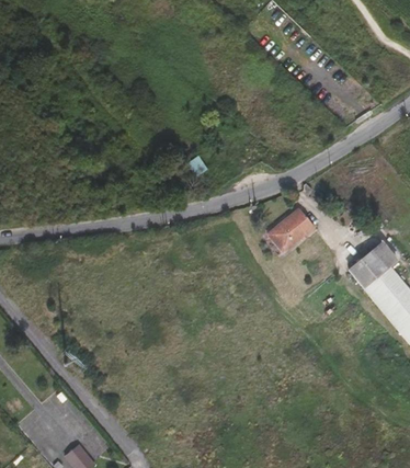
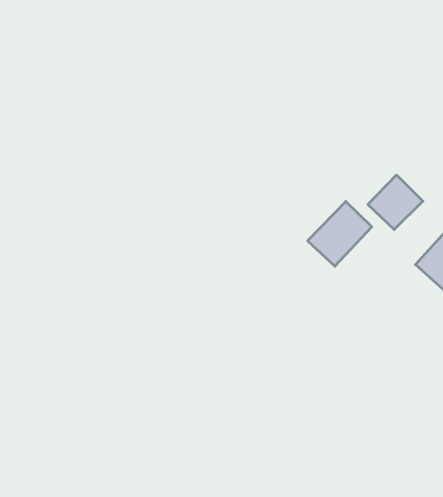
building: none -> [368,175,423,230]

